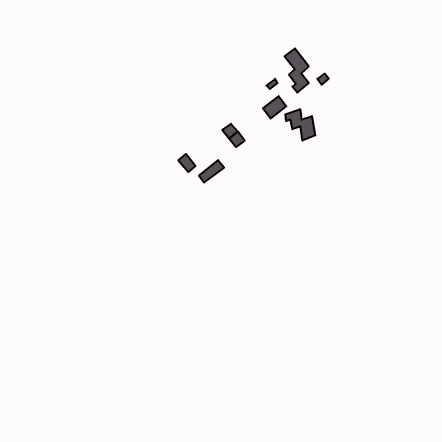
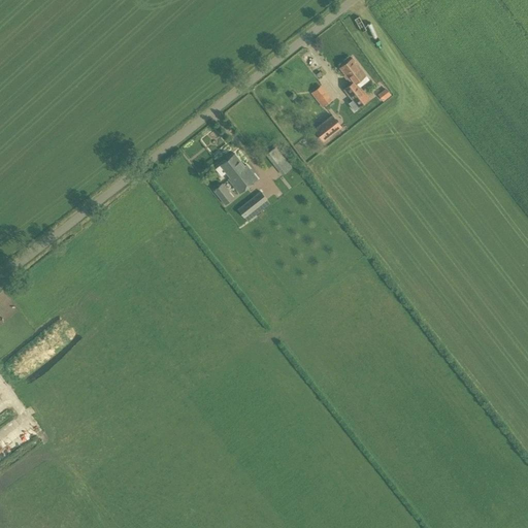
building: [285,109,315,141] -> none
building: none -> [216,154,257,193]

